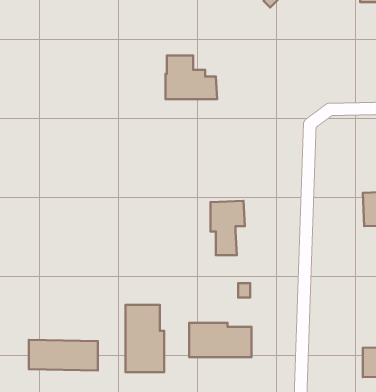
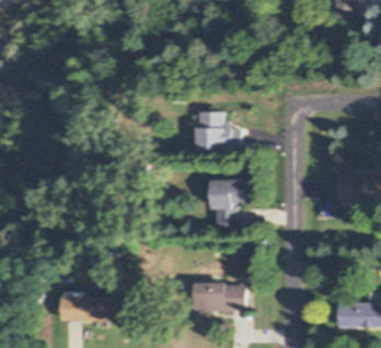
building: [165,55,217,99] -> [197,111,240,147]
building: [125,305,164,372] -> none

